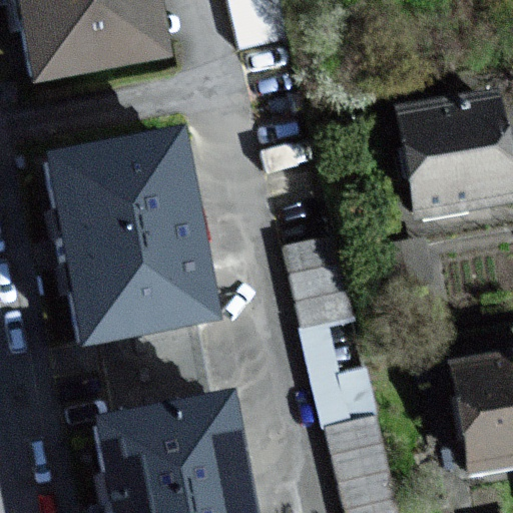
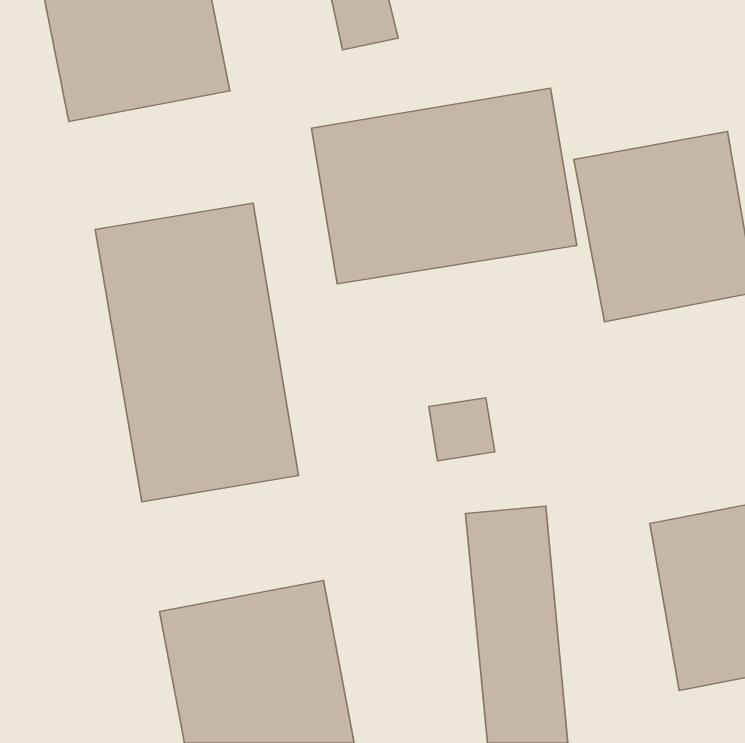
building: none -> [311,88,577,284]

